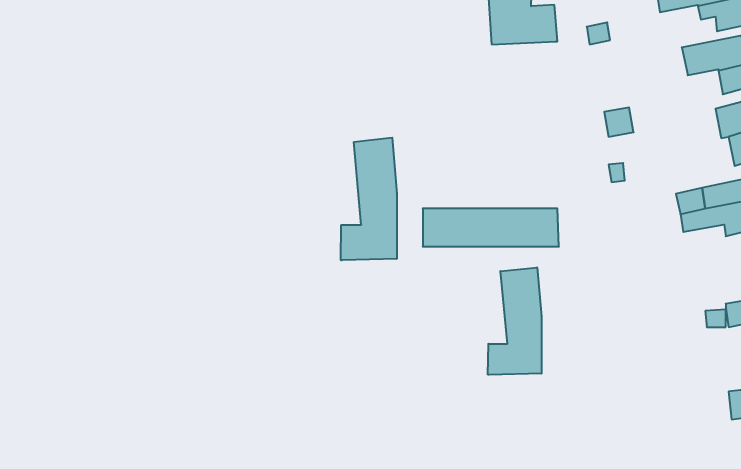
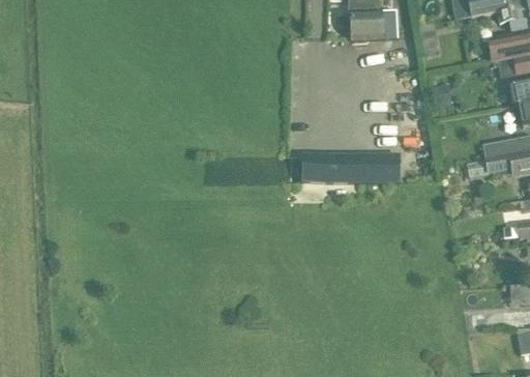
building: [341,138,397,260] -> none
building: [488,267,541,375] -> none

